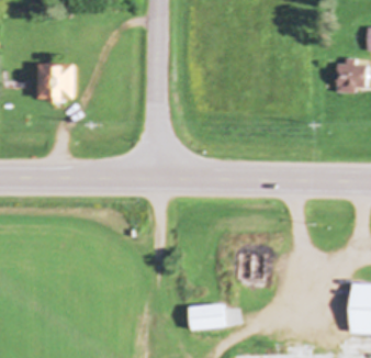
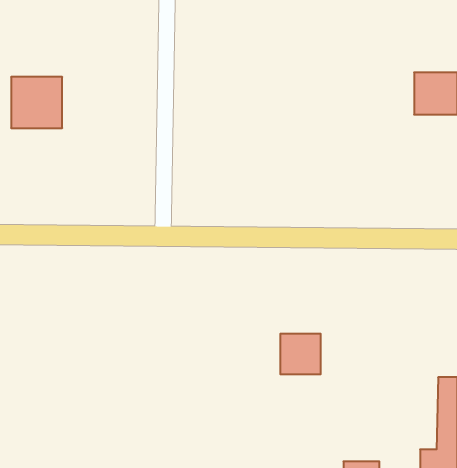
building: [191,304,225,328] -> none

